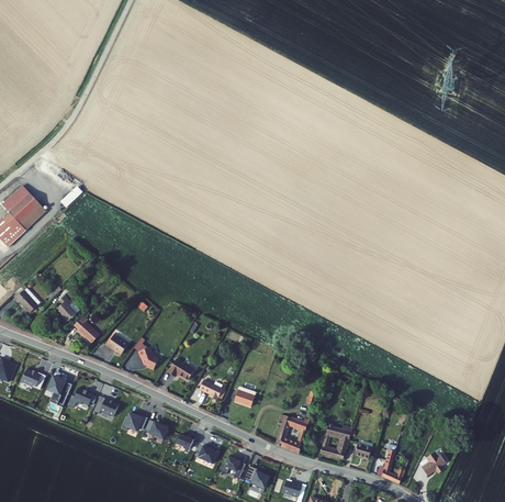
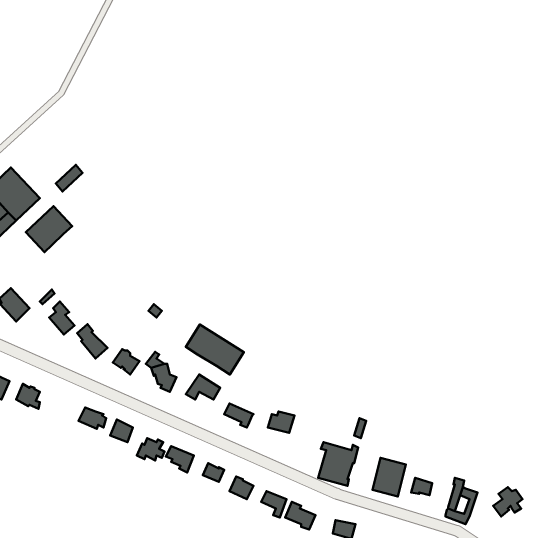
building: none -> [26,206,72,252]
building: none -> [186,324,244,375]
building: [49,373,75,403] -> none

